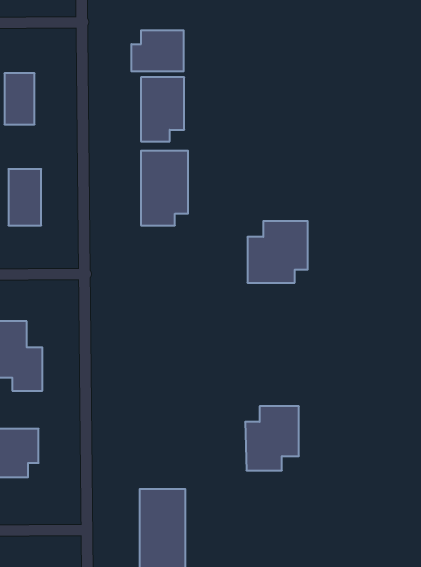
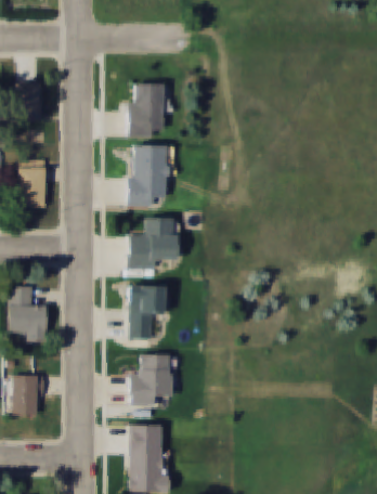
building: [131,30,184,71] -> none
building: [247,221,308,283] -> [127,218,177,269]
building: none -> [127,285,164,341]
building: [245,406,299,470] -> [128,354,172,407]

